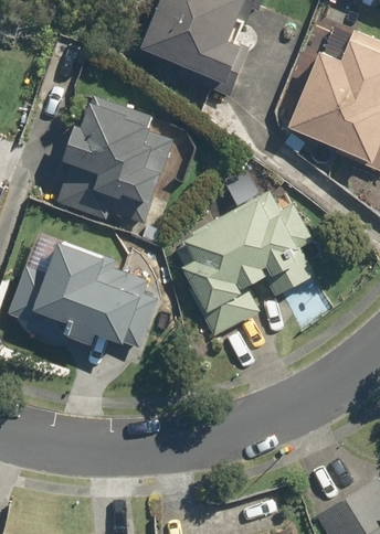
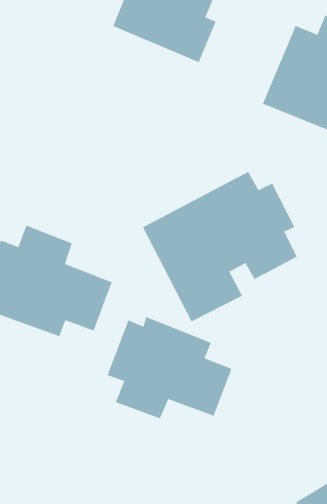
building: [59,94,175,221] -> none
building: none -> [107,316,232,419]

